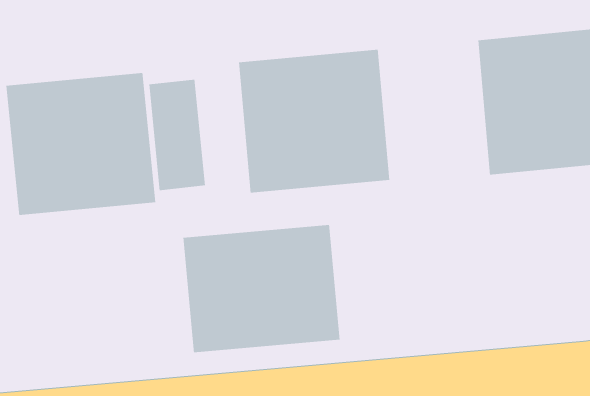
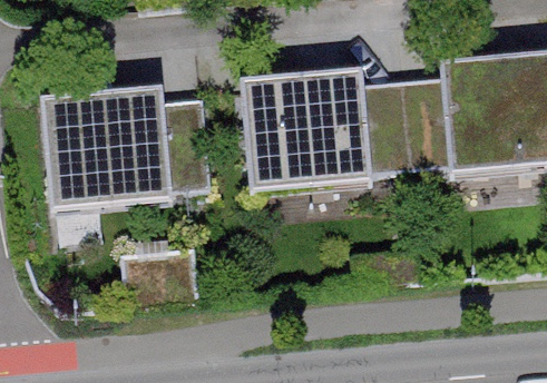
building: none -> [368,75,450,170]
building: [183,224,340,353] -> none

